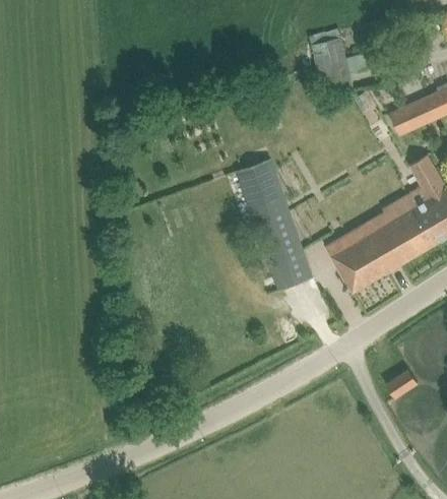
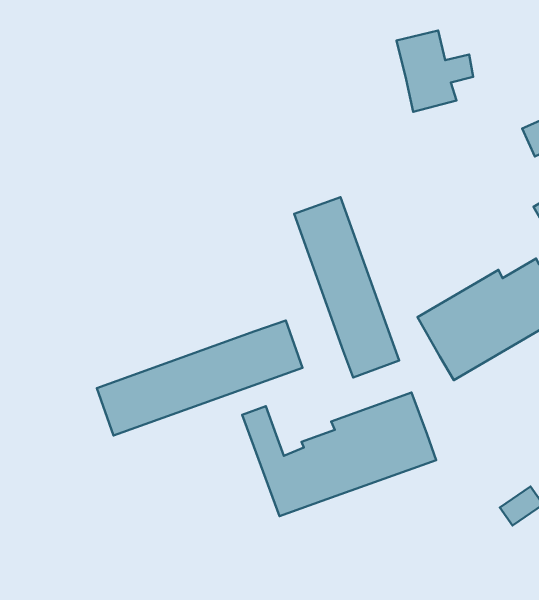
building: none -> [97,320,303,436]
building: none -> [242,393,436,516]

